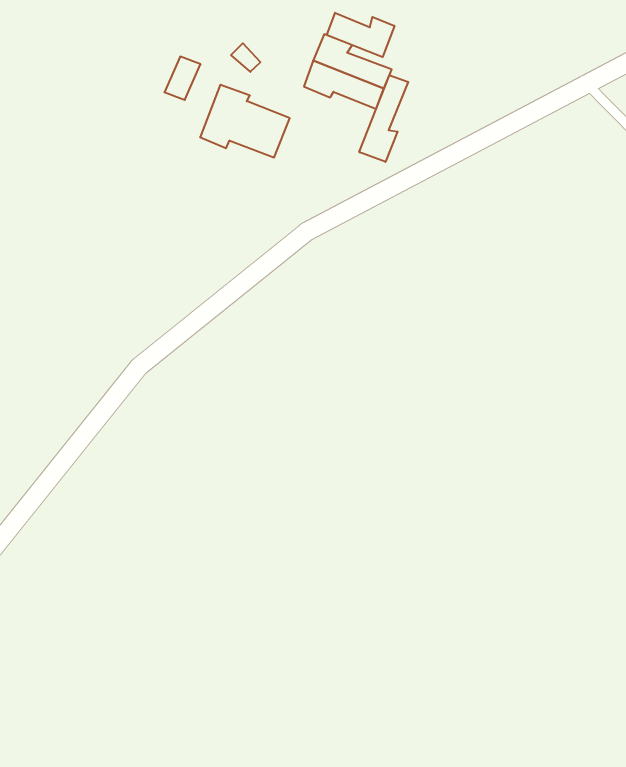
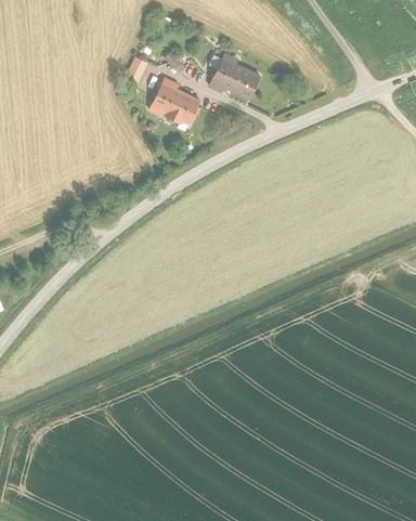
building: [327,13,394,57] -> none
building: [359,75,408,162] -> none

